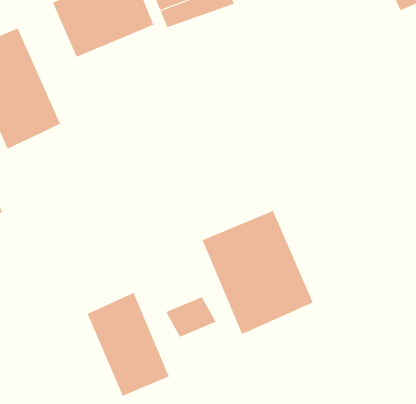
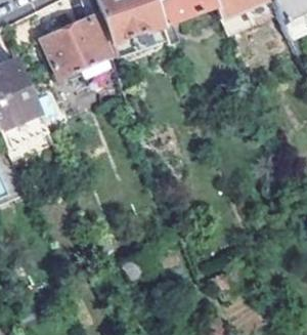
building: [202,210,314,335] -> none
building: [87,292,170,396] -> none

